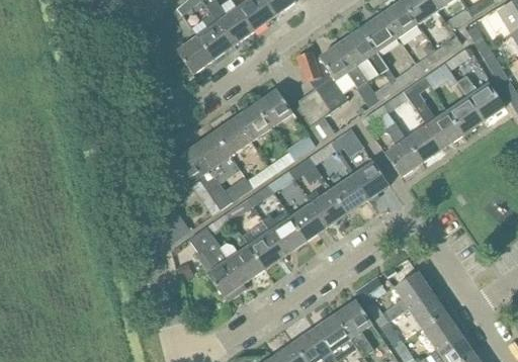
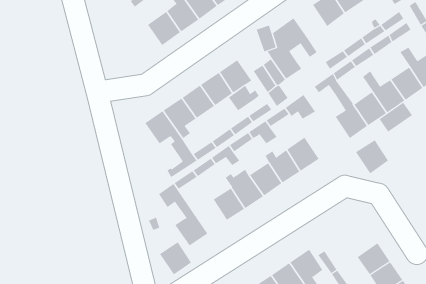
building: [339,28,386,75] -> none
building: none -> [228,85,259,111]
building: none -> [379,102,413,132]
building: [351,161,388,199] -> [355,139,389,174]
building: [228,245,264,282] -> [159,241,192,275]
building: [385,271,432,319] -> none

